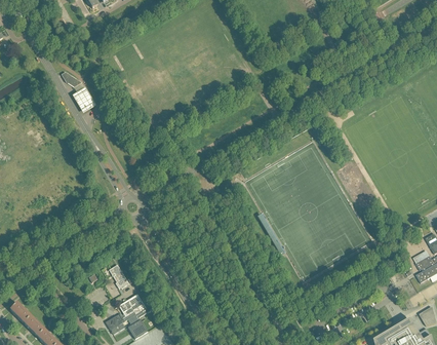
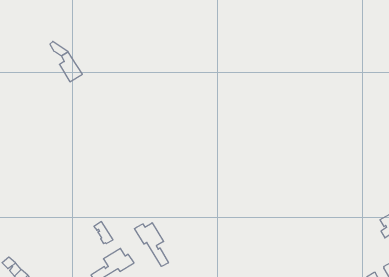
building: none -> [134,223,168,266]

